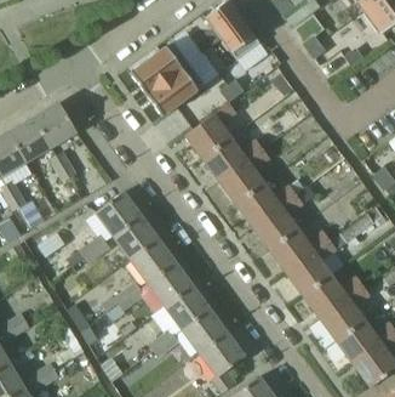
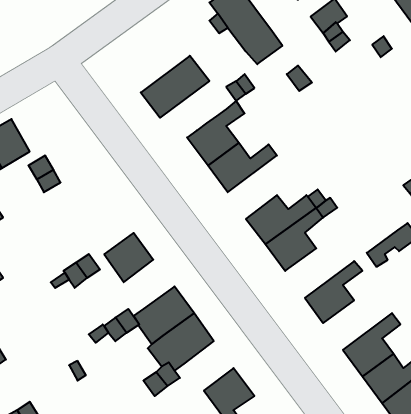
building: [131,41,189,95] -> none
building: [35,103,78,146] -> none
building: [222,149,271,204] -> none
building: [97,192,141,234] -> none
building: [271,228,331,272] -> none
building: [132,239,176,282] -> none
building: [304,274,363,317] -> none
building: [184,310,227,352] -> none

